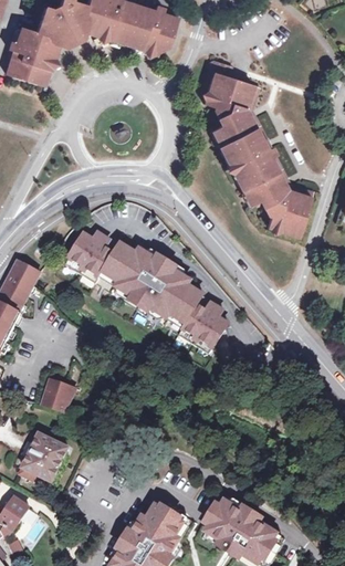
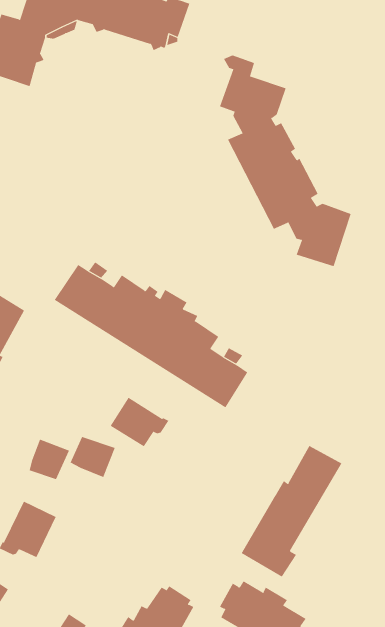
building: none -> [110,397,169,447]
building: none -> [70,436,116,478]
building: none -> [241,445,342,578]

